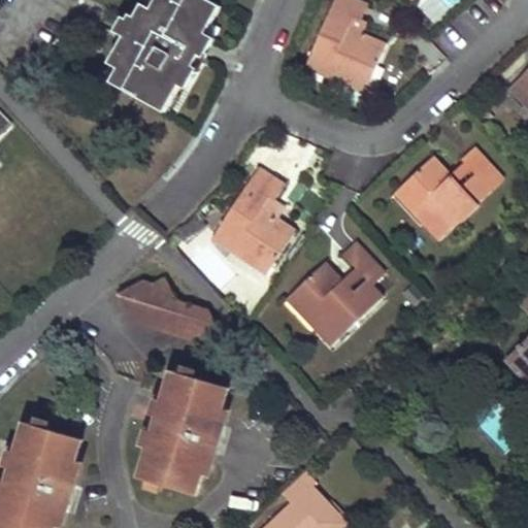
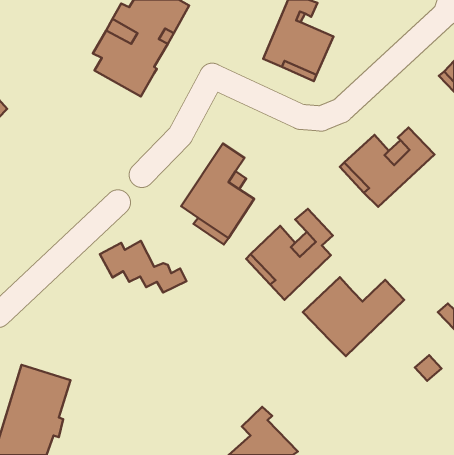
building: none -> [303,277,404,356]
building: [139,370,228,496] -> none

